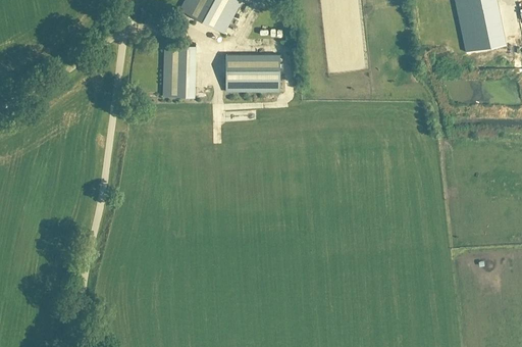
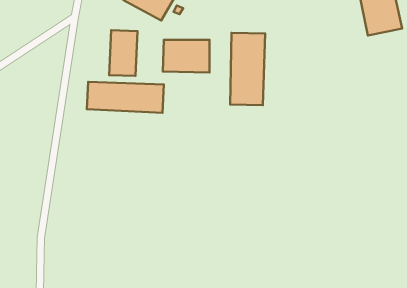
building: none -> [230,33,265,105]
building: none -> [87,82,164,113]

